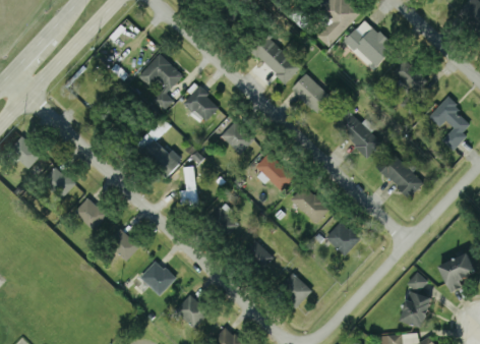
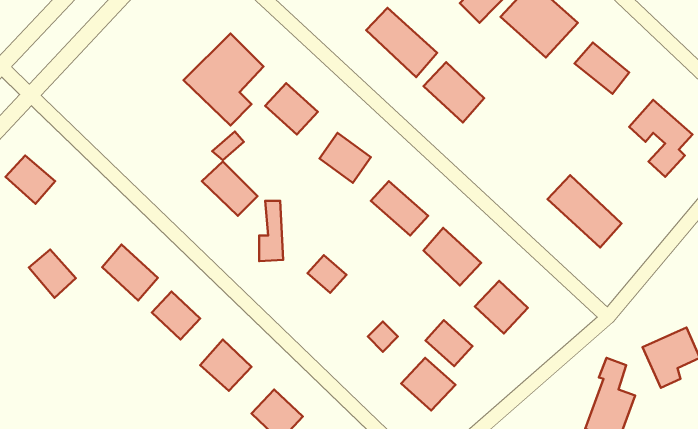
building: [333,110,382,159] -> none
building: [43,167,74,199] -> [29,250,76,298]
building: none -> [425,320,473,366]

